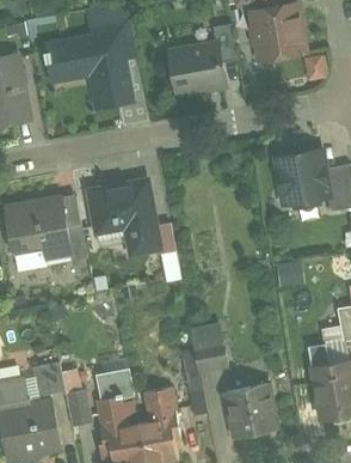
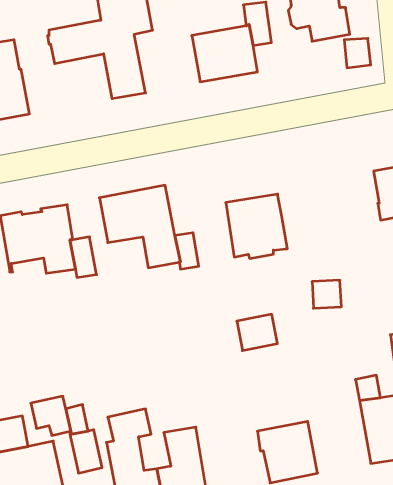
building: [276,150,328,205] -> [226,194,287,258]
building: [193,340,228,371] -> [237,314,277,351]

